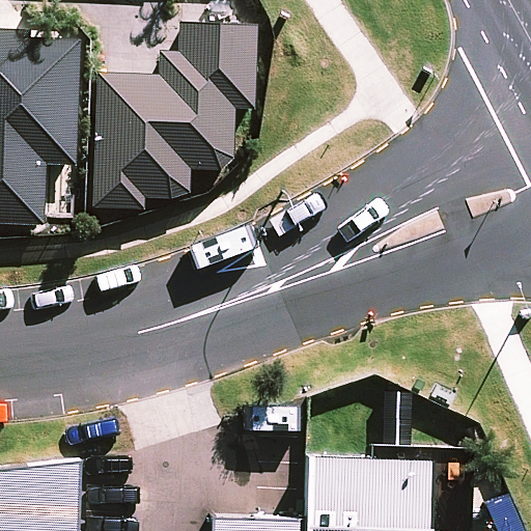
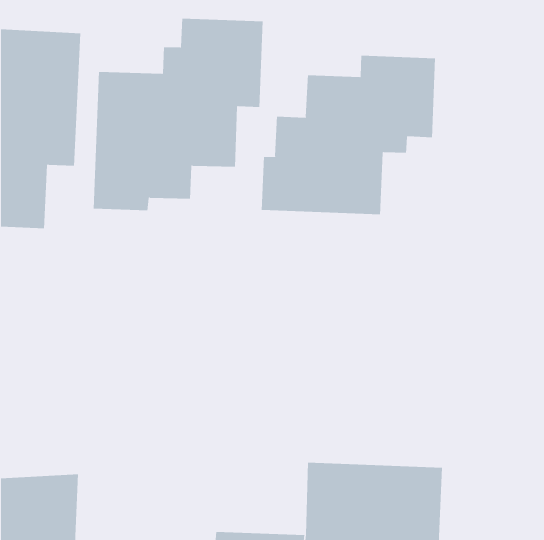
building: none -> [261,55,436,215]

